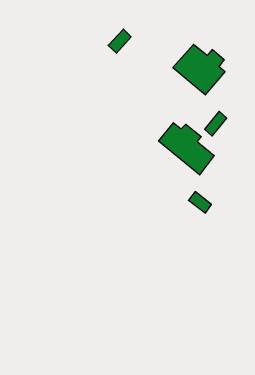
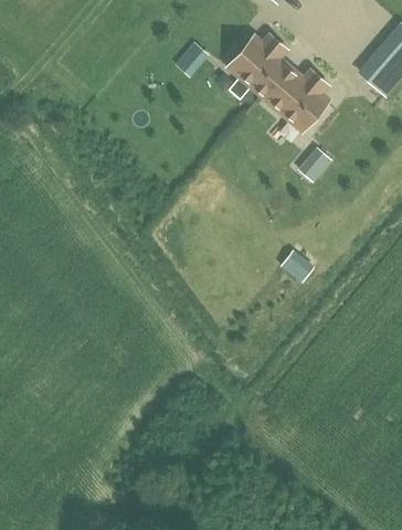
building: none -> [228,35,286,94]
building: [159,123,214,175] -> none

